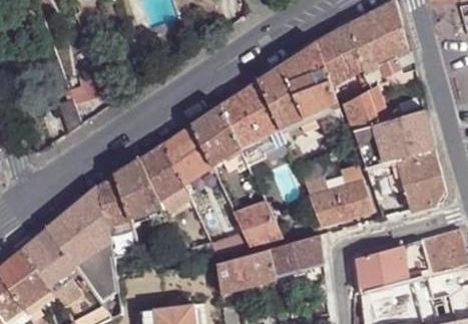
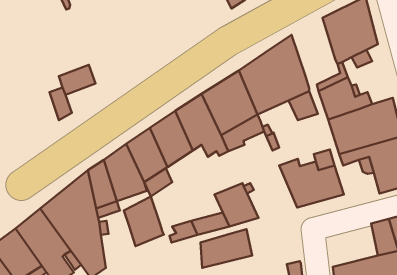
building: [316,24,363,86] -> none
building: none -> [124,196,164,246]
building: [268,237,323,278] -> none
building: [356,244,408,290] -> none

